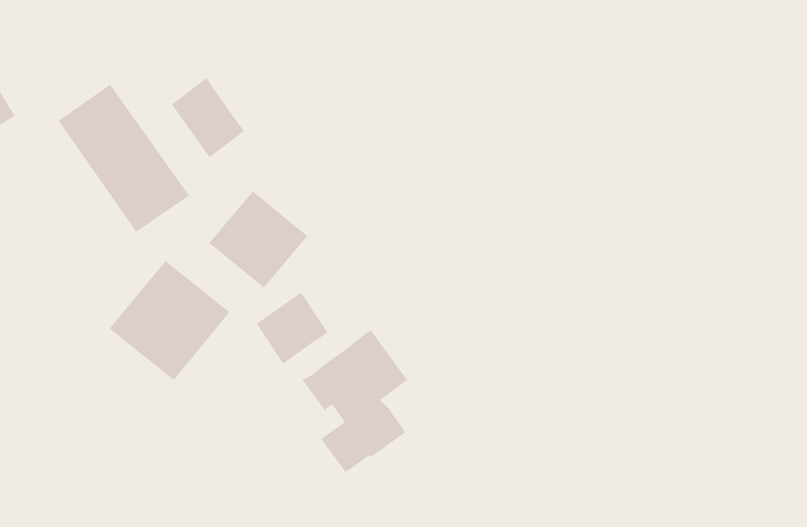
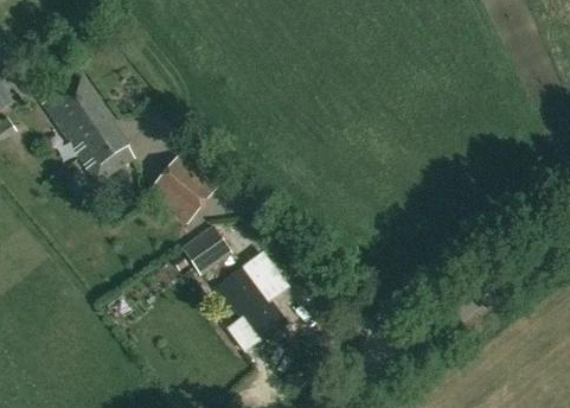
building: [171,77,245,158] -> none
building: [109,260,230,381] -> none

